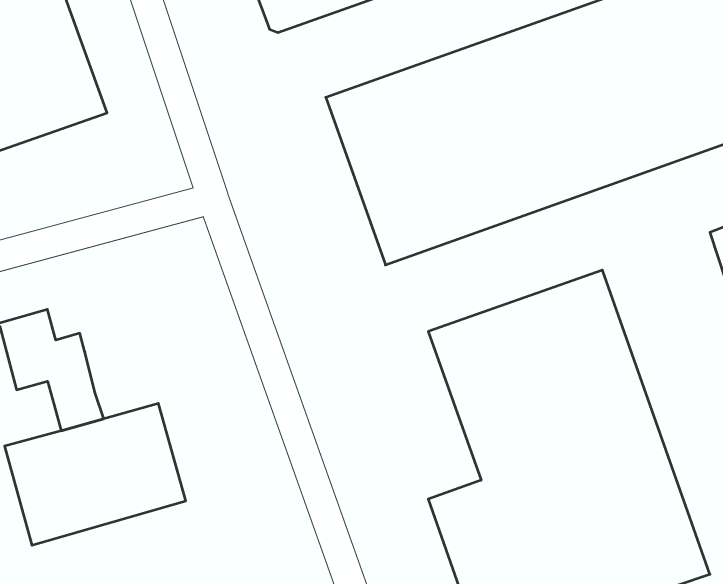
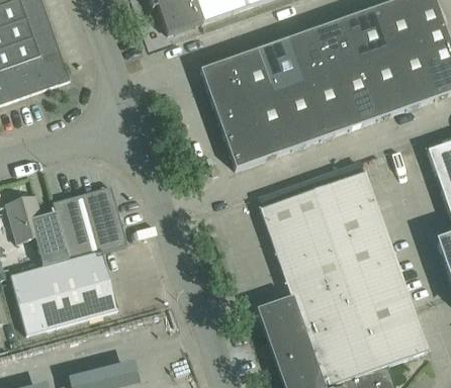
building: none -> [52,185,126,259]

